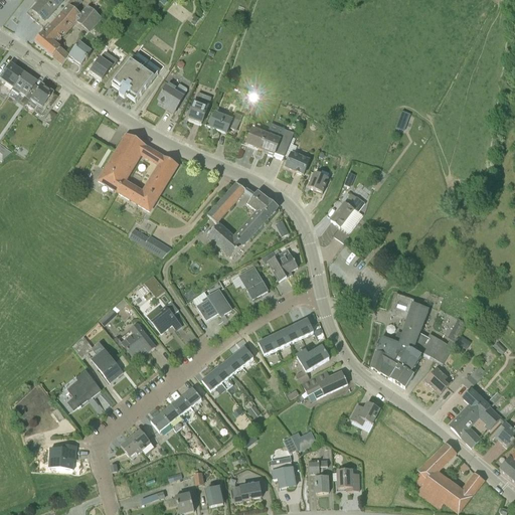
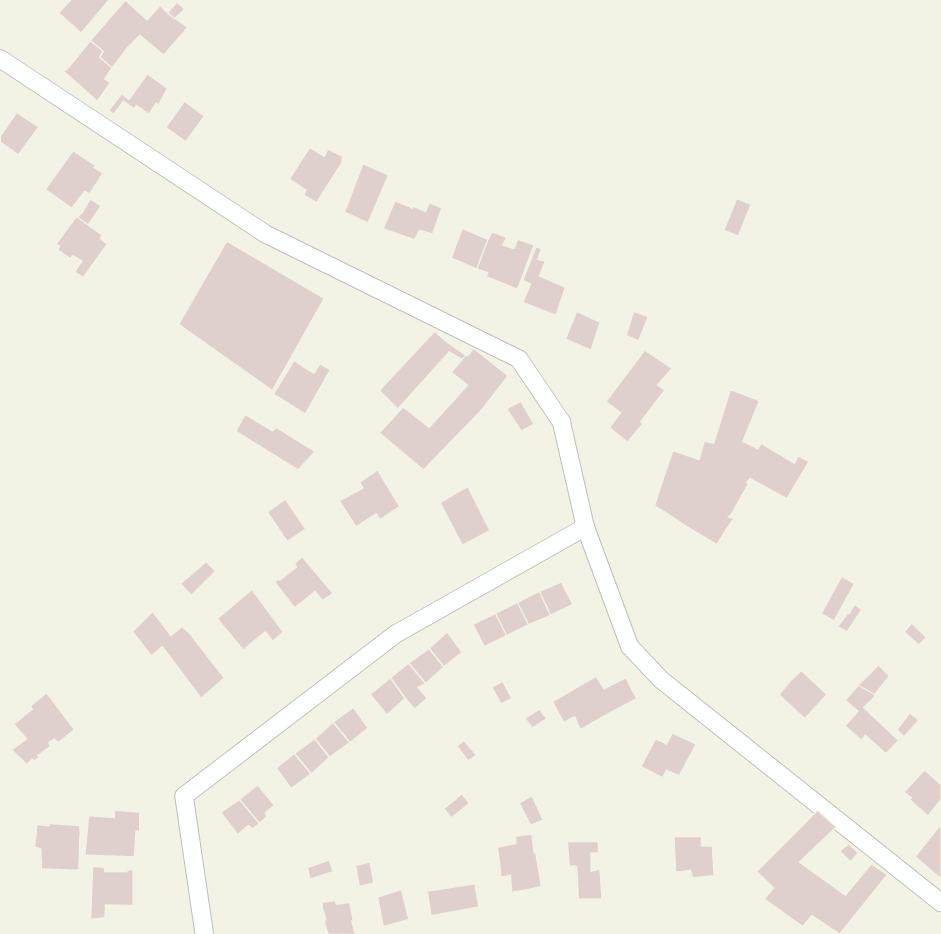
building: [114,58,154,98] -> none
building: [10,69,38,103] -> [56,217,108,277]
building: none -> [273,361,330,414]
building: [263,247,298,281] -> none
building: [198,288,231,319] -> [339,470,400,527]
building: [371,302,456,386] -> [655,390,809,545]
building: [296,345,329,381] -> none
building: [66,368,101,407] -> [12,693,75,765]
building: [451,401,502,447] -> none
building: none -> [35,823,80,870]
building: [337,468,359,490] -> [674,837,714,877]
building: none -> [91,866,133,919]

